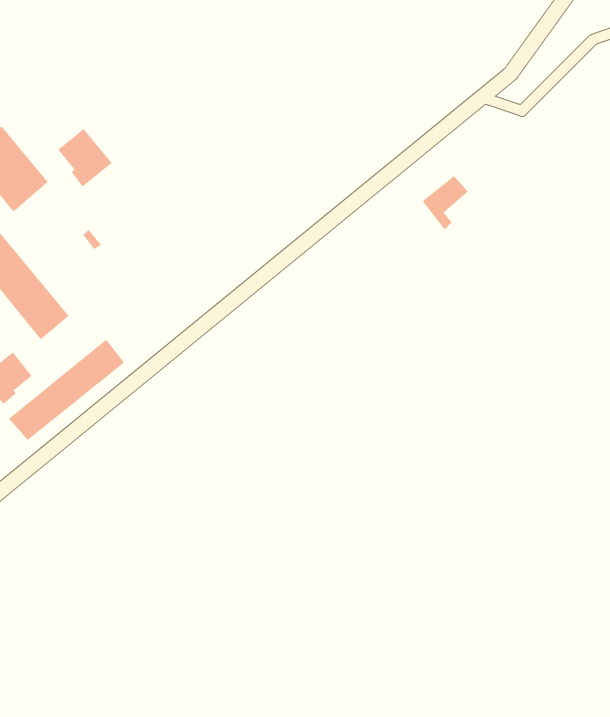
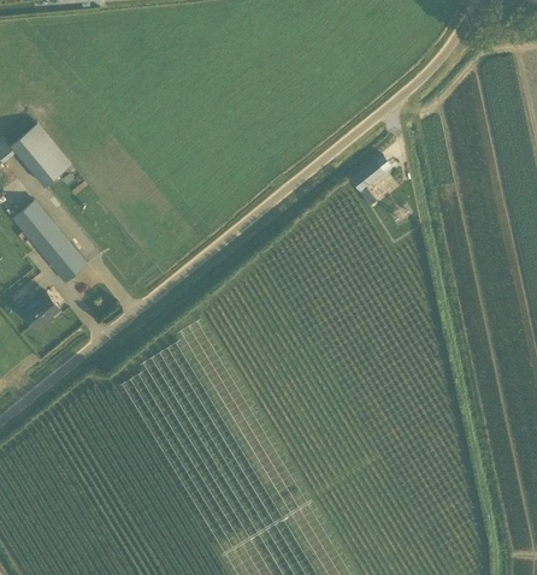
building: [58,128,113,187] -> none
building: [8,339,125,441] -> none

